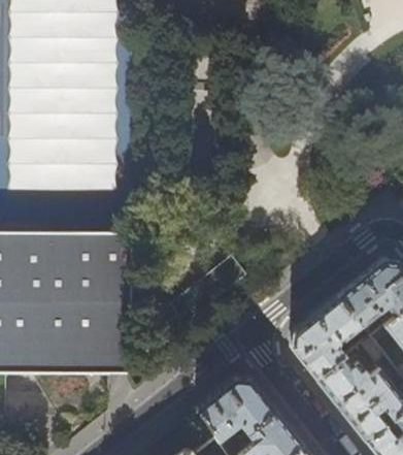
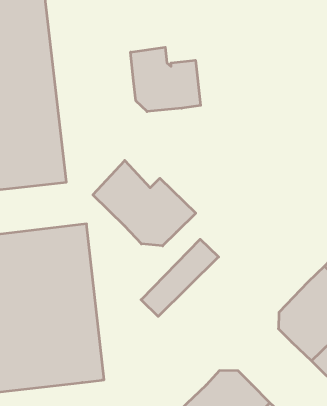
building: none -> [131,47,201,112]
building: none -> [93,160,196,246]

